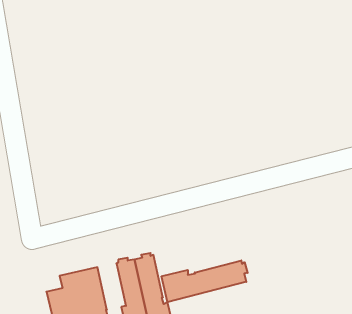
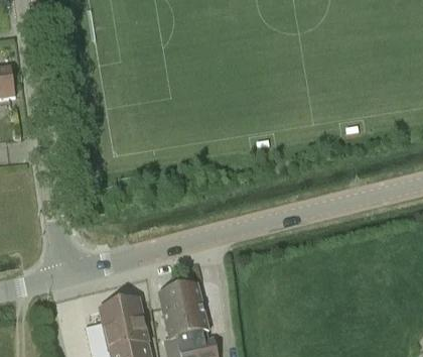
building: [162,260,248,302] -> none

